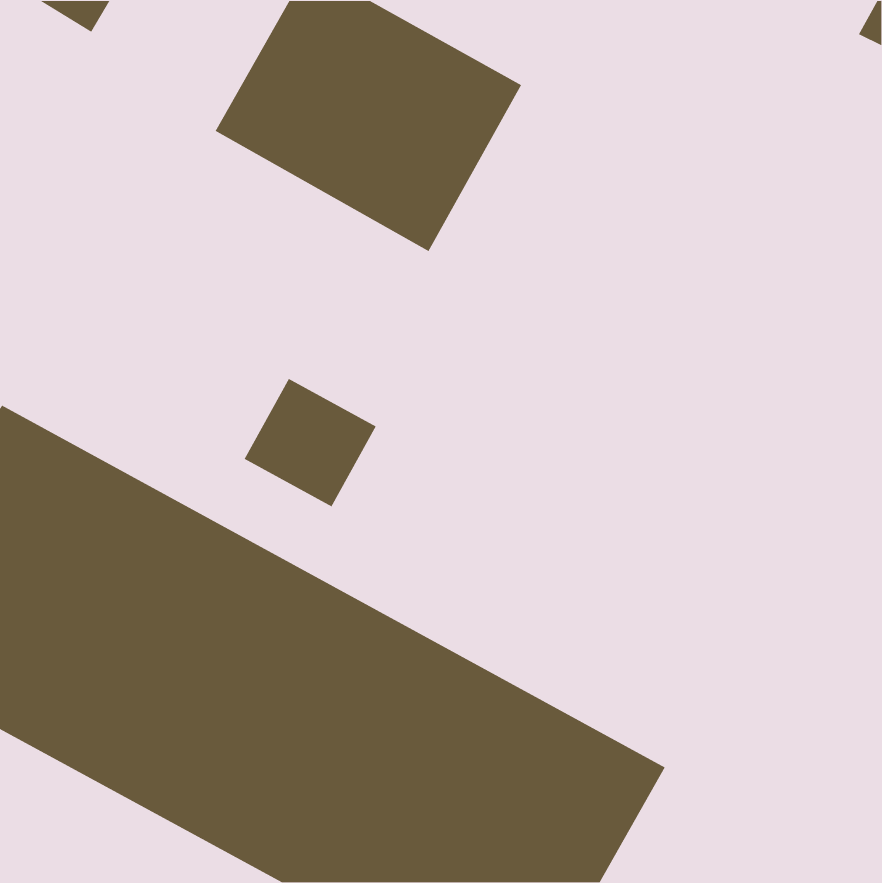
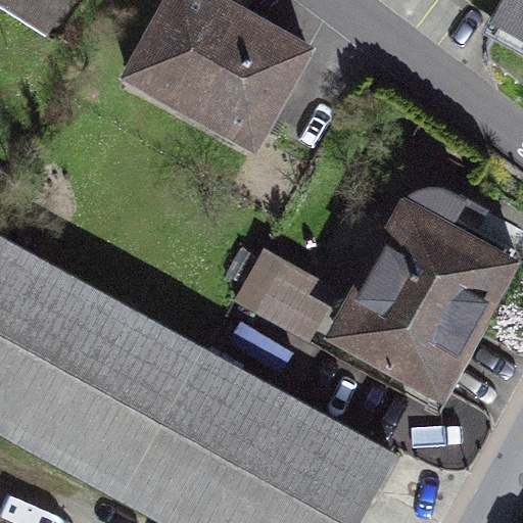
building: none -> [340,191,515,390]
building: [244,378,377,508] -> [255,264,334,340]

